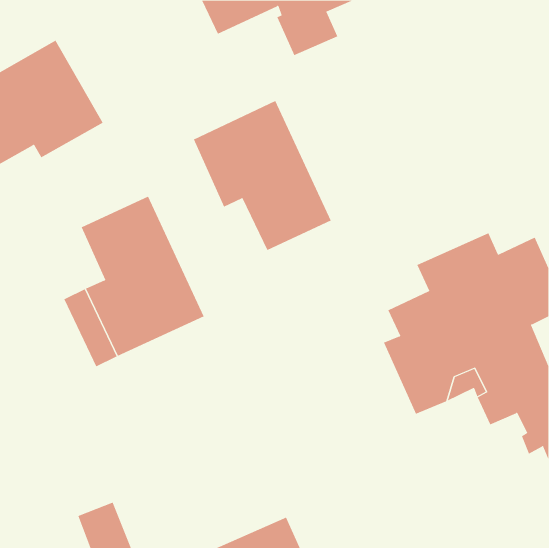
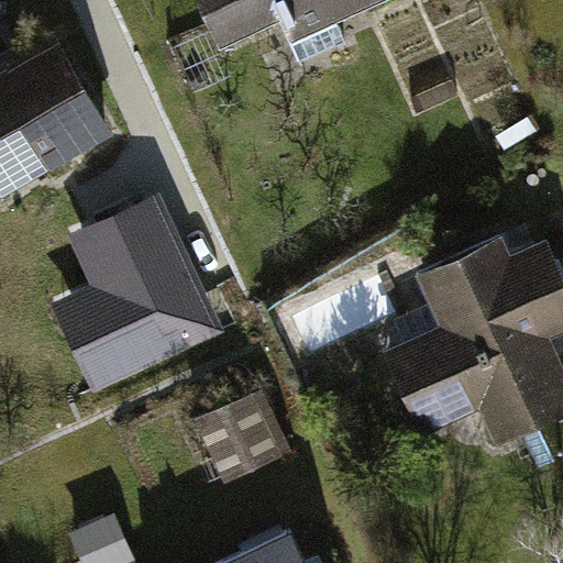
building: [193,100,331,251] -> none
building: none -> [196,393,280,482]

